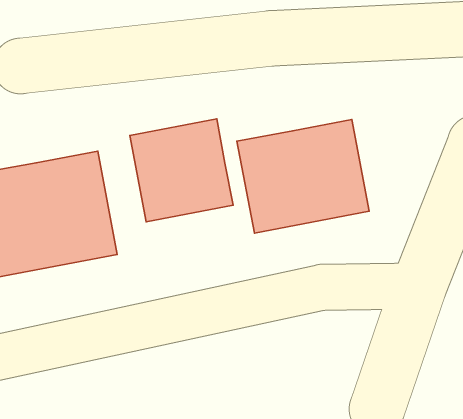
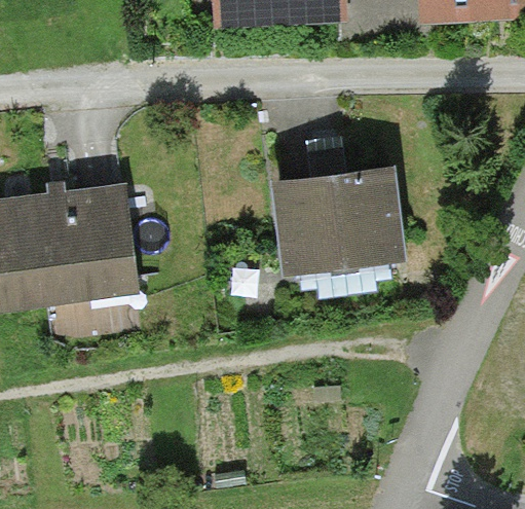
building: [130,119,233,222] -> none

